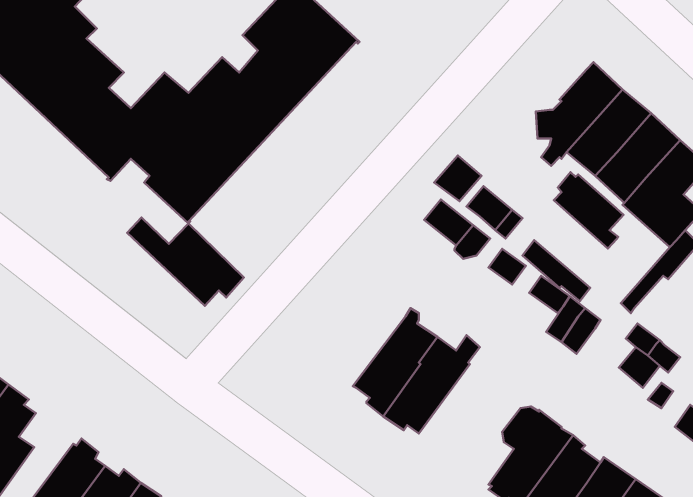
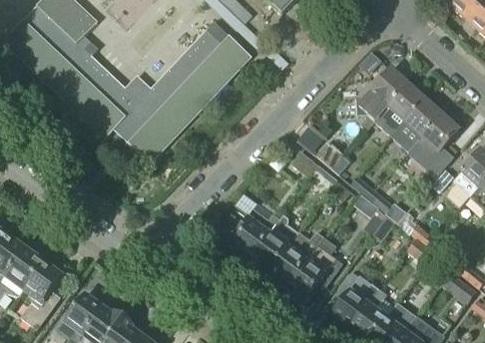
building: [554,172,624,248] -> none
building: [127,218,244,306] -> none
building: none -> [230,207,280,260]
building: none -> [288,237,343,304]

